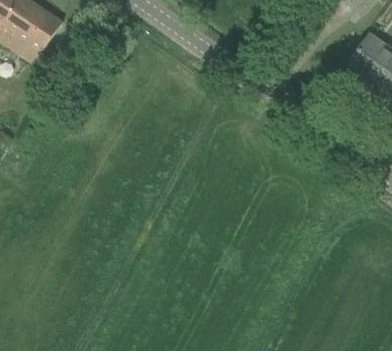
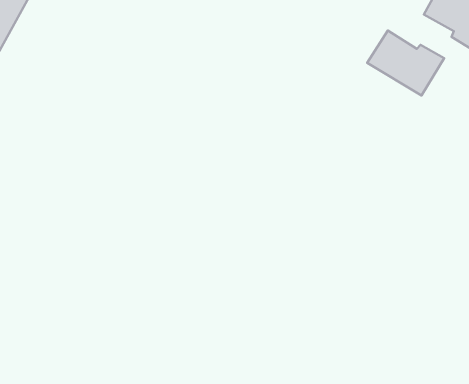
building: none -> [367,30,444,95]

